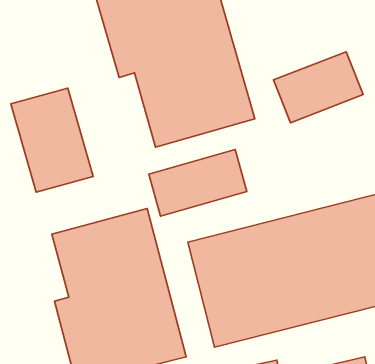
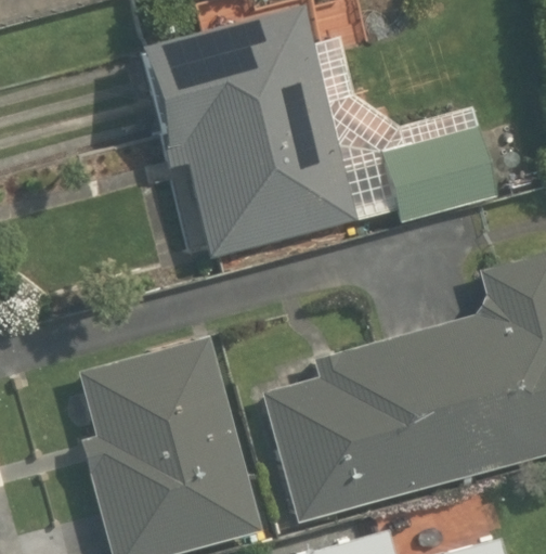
building: [11,88,93,192] -> none
building: [149,149,247,216] -> none

